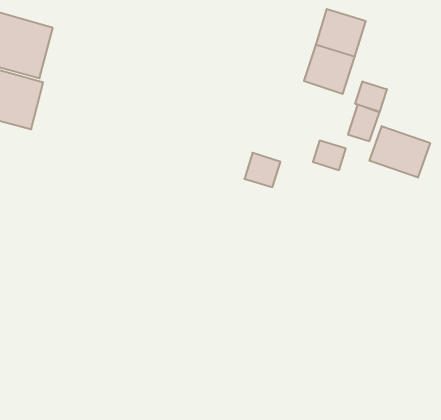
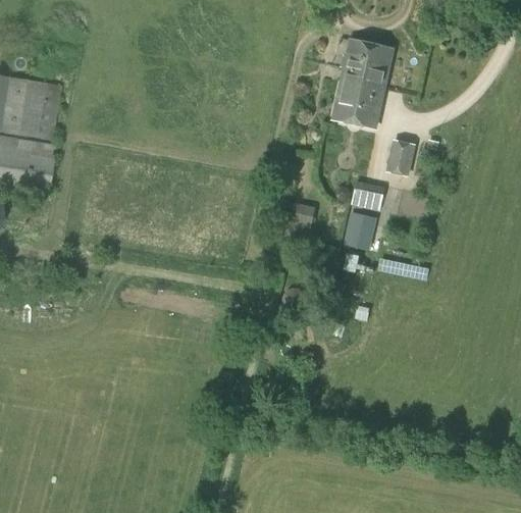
building: [355,81,387,112] -> none
building: [370,126,430,178] -> none
building: none -> [345,211,376,249]

